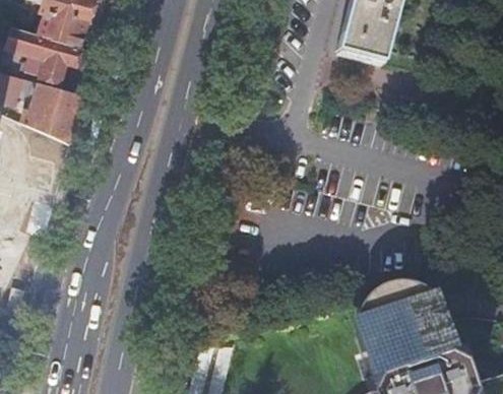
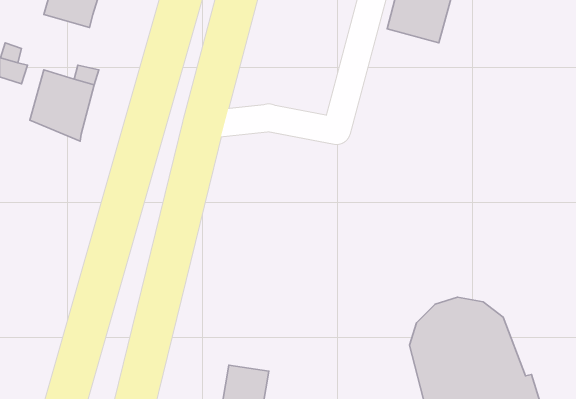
building: [7,27,80,82] -> none

